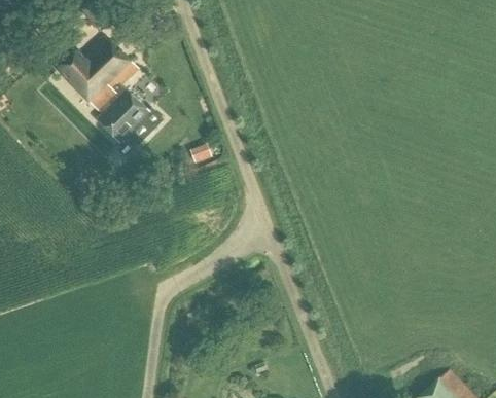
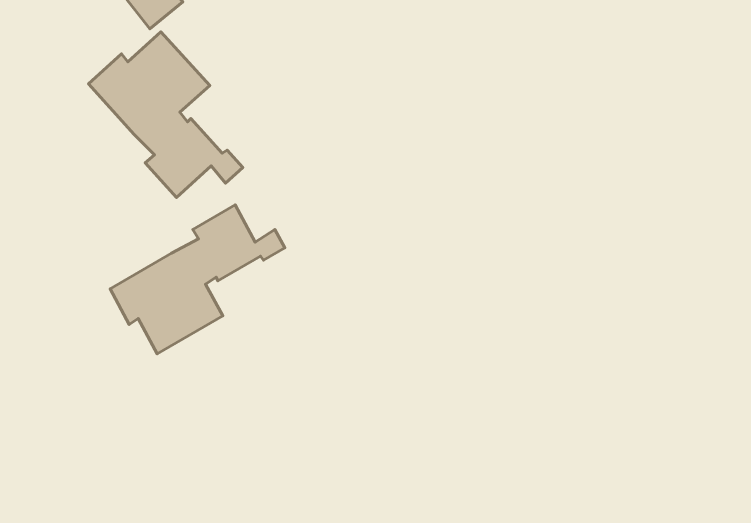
building: none -> [110,205,285,354]

